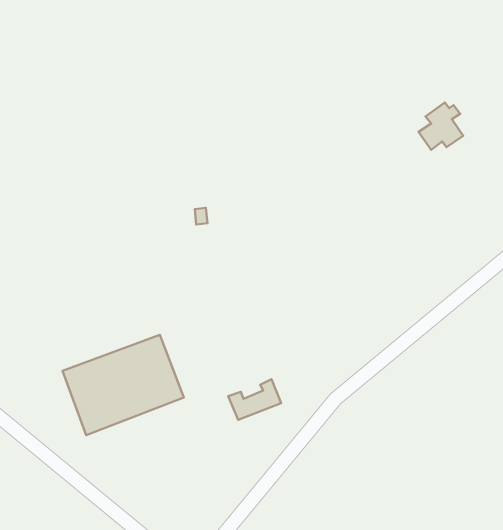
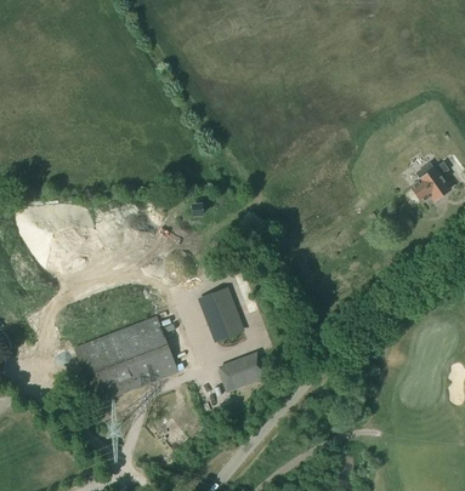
building: [419,103,463,150] -> [410,160,449,201]
building: none -> [198,285,242,339]

